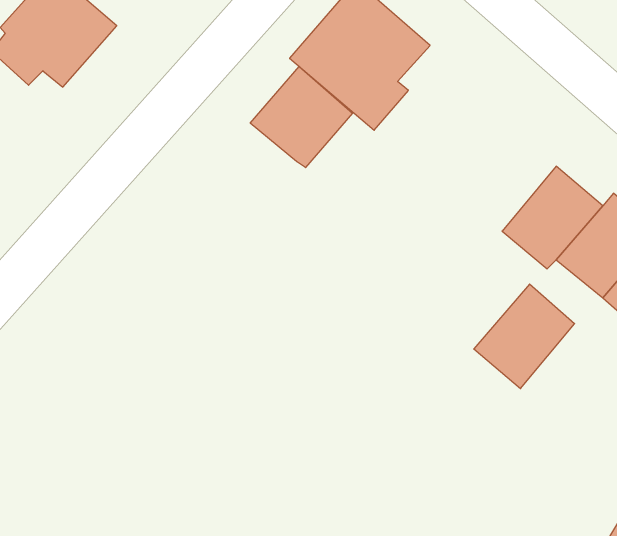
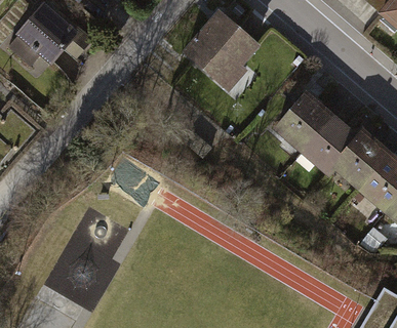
building: [250,66,352,168] -> none
building: [474,284,575,389] -> [276,91,333,151]

